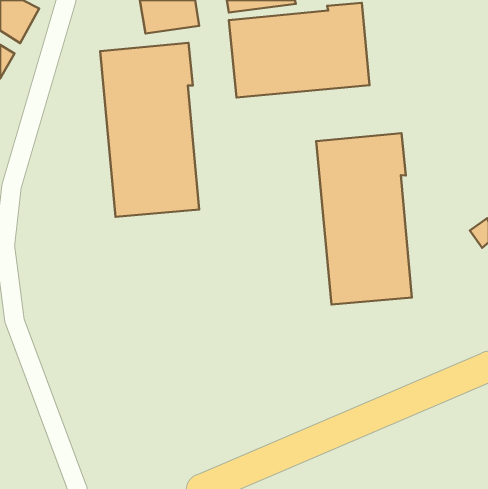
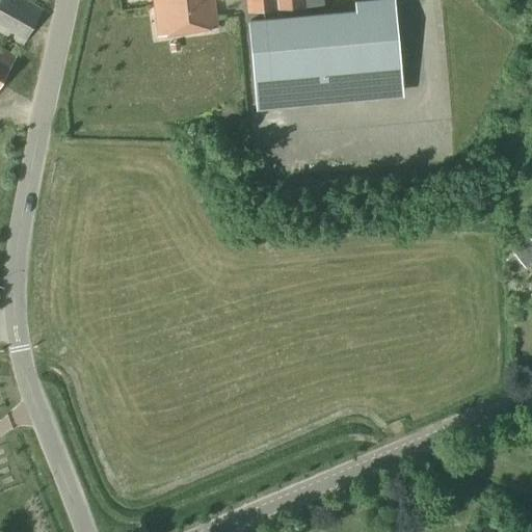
building: [100,43,199,217] -> none
building: [316,133,412,305] -> none

